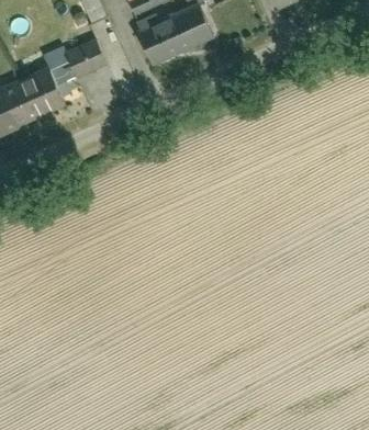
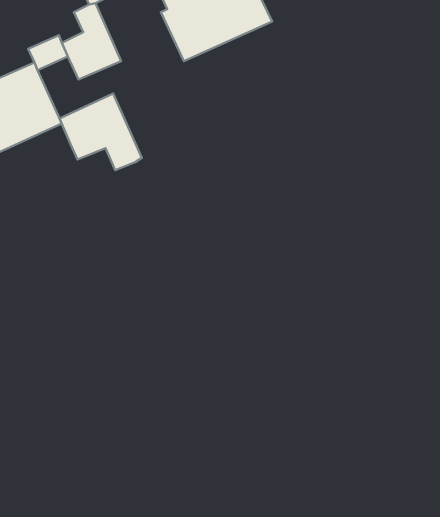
building: none -> [60,94,142,170]

